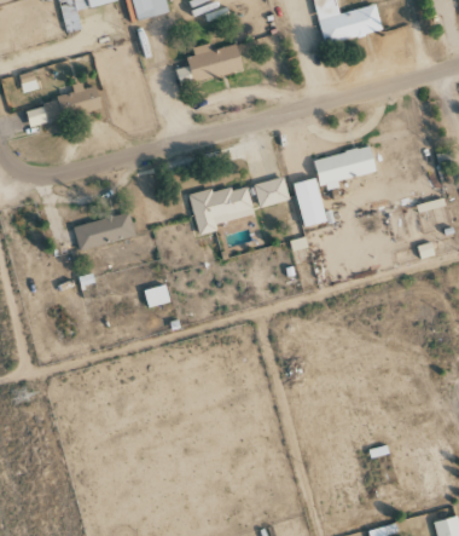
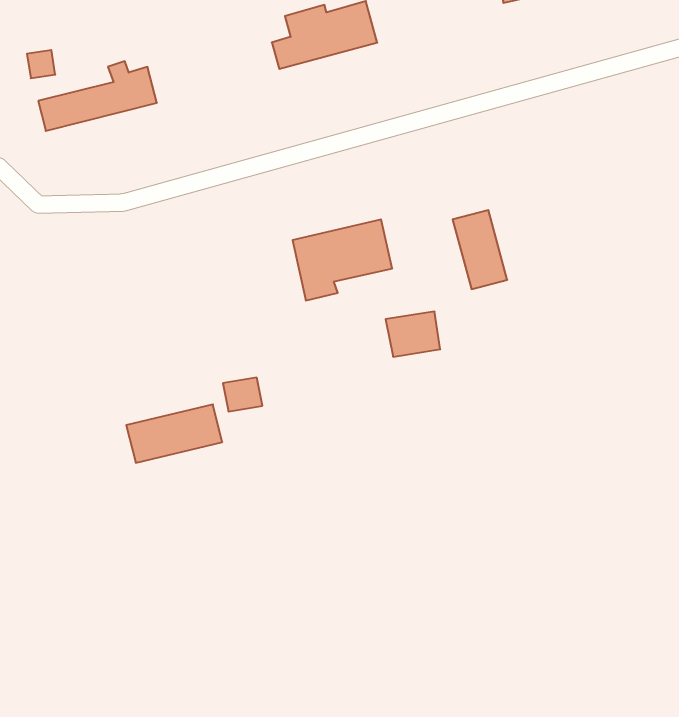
building: [315,145,378,190] -> none
building: [254,177,289,206] -> [386,312,440,357]
building: [74,212,135,249] -> [126,404,222,463]

